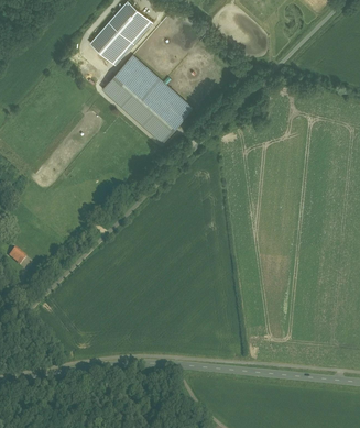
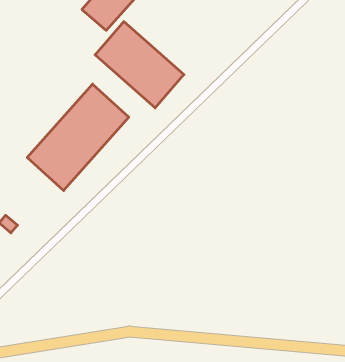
building: none -> [27,84,129,191]

